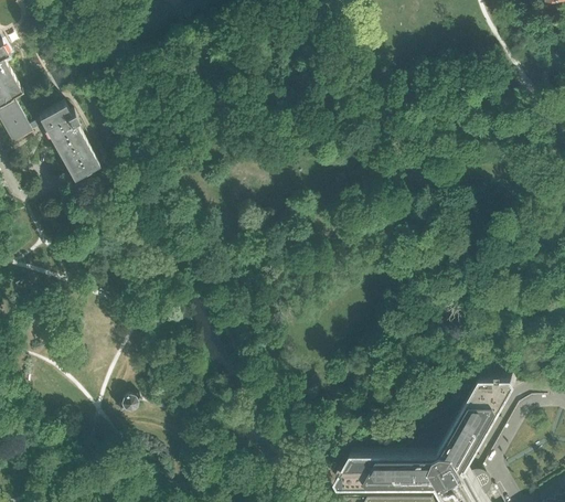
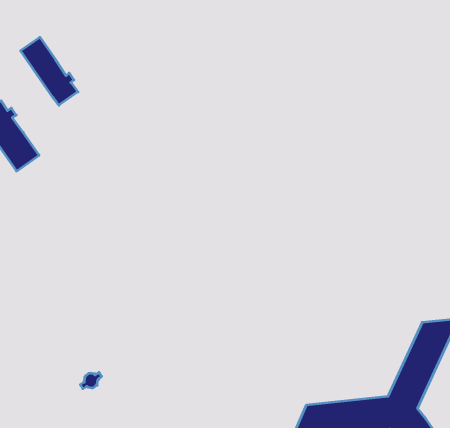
building: none -> [21,37,78,105]

